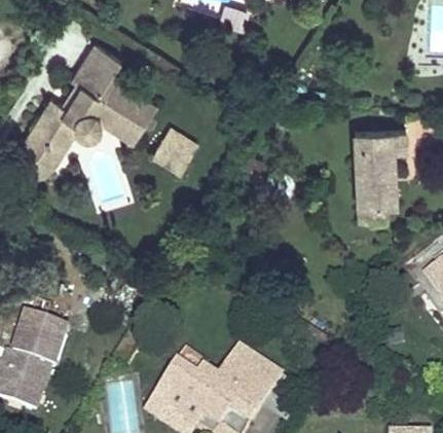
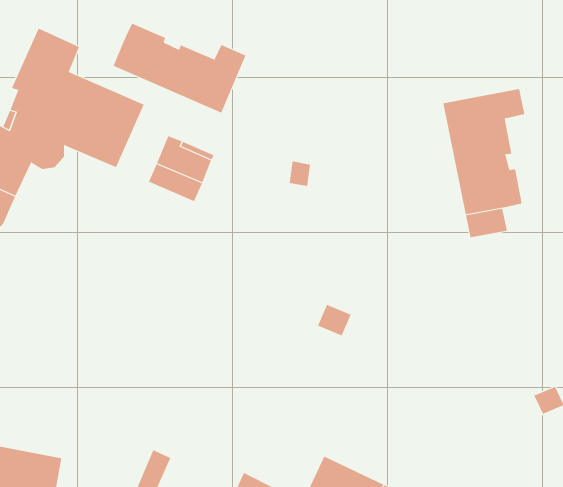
building: none -> [113,23,246,114]

